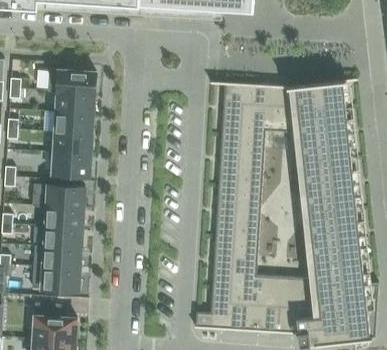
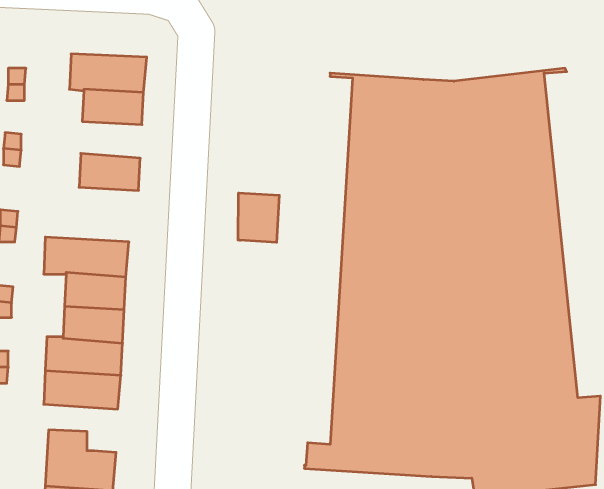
building: [55,112,93,135] -> none
building: [52,153,91,176] -> none
building: none -> [238,193,279,242]

